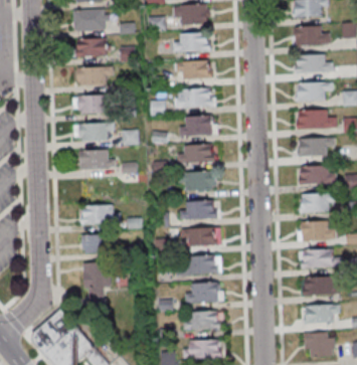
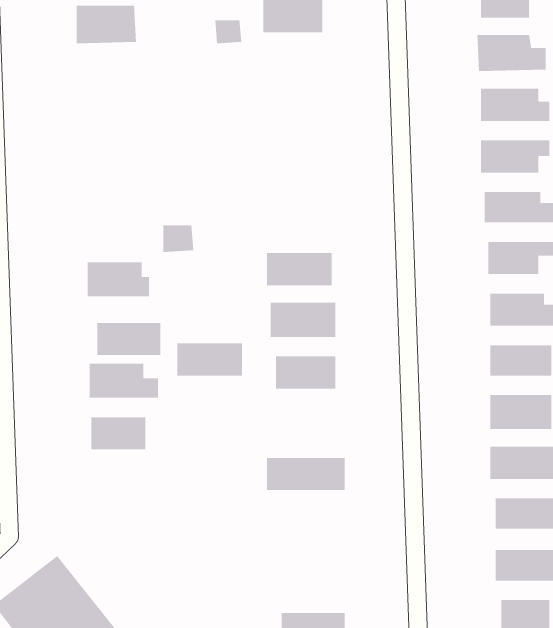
building: [175,34,210,51] -> none
building: [76,39,107,56] -> none
building: [177,61,210,78] -> none
building: [75,67,110,85] -> none
building: [174,88,215,107] -> none
building: [75,96,107,114] -> none
building: [179,116,215,136] -> none
building: [75,123,111,141] -> [97,322,161,356]
building: [182,228,218,246] -> [176,343,243,376]
building: [83,262,109,306] -> none
building: [186,285,221,304] -> none
building: [185,313,220,330] -> none

